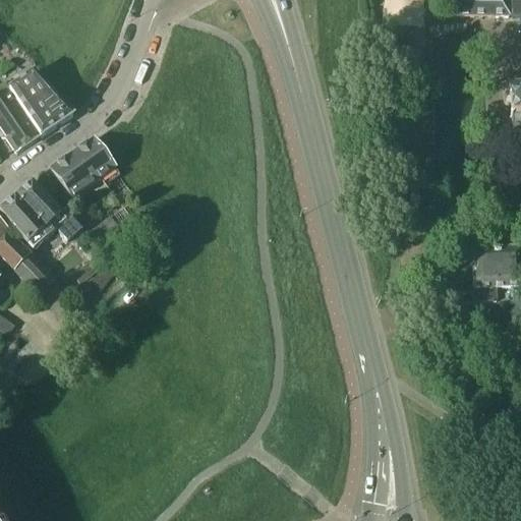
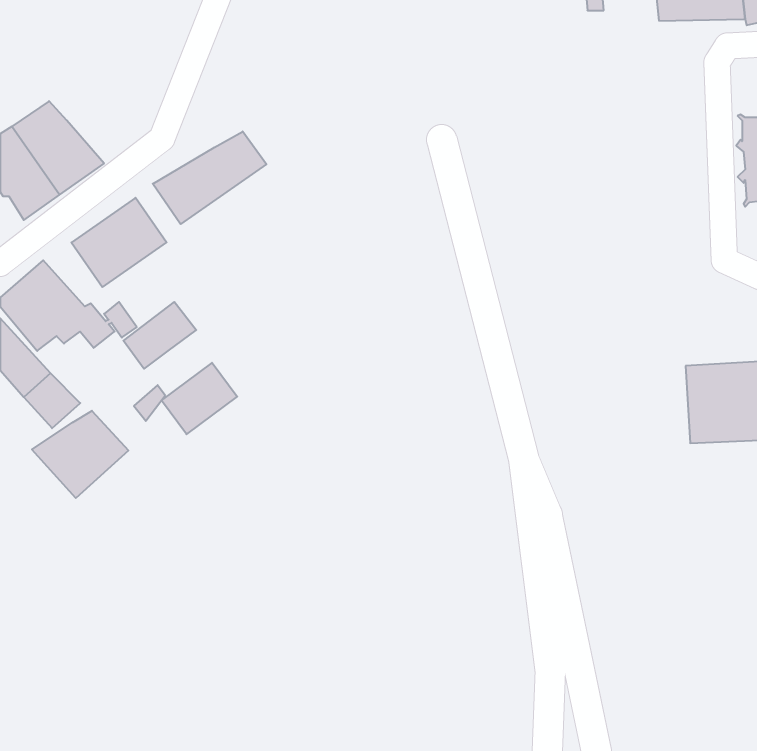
building: none -> [153,131,266,224]
building: none -> [161,363,237,434]
building: none -> [32,411,128,498]

